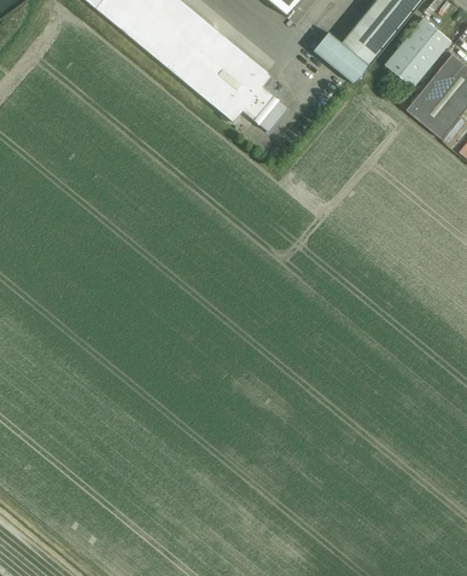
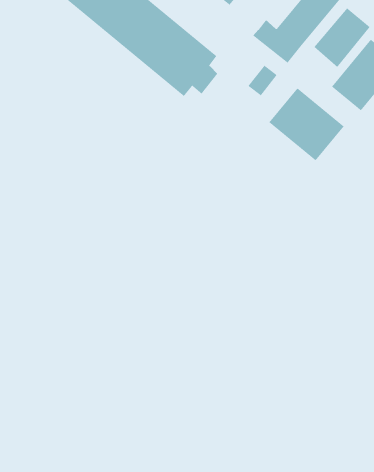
building: [253,94,288,130] -> [248,65,278,96]
building: none -> [269,87,344,161]

